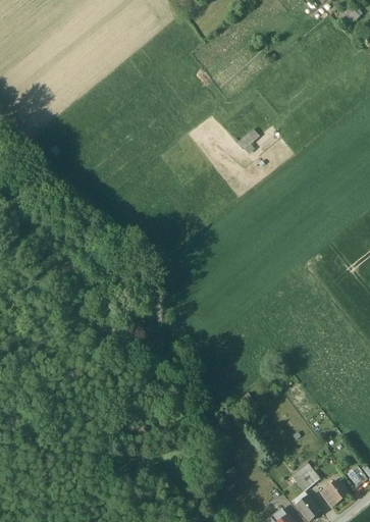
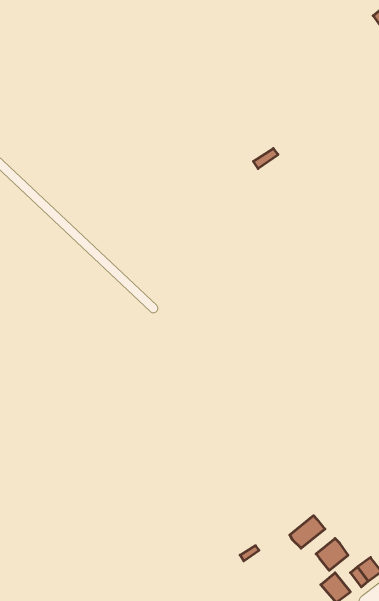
building: none -> [290,516,325,548]

